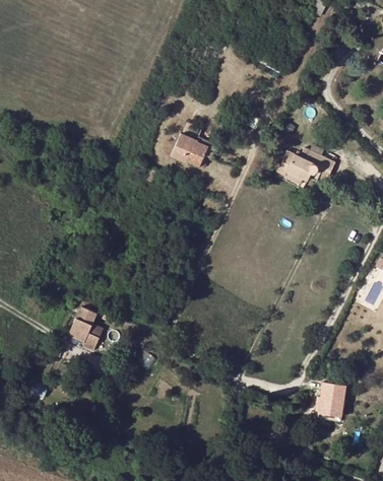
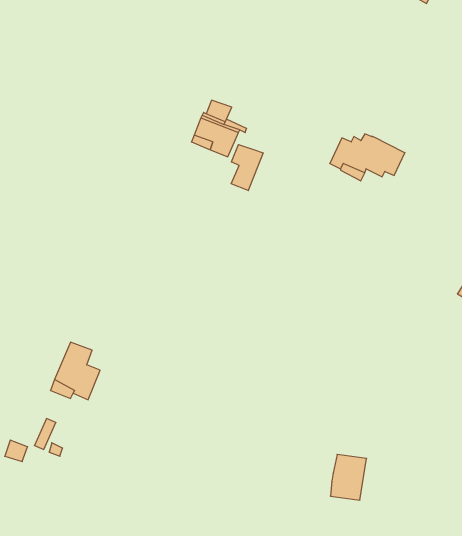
building: none -> [231,145,263,191]
building: [318,382,345,416] -> [330,454,367,500]

